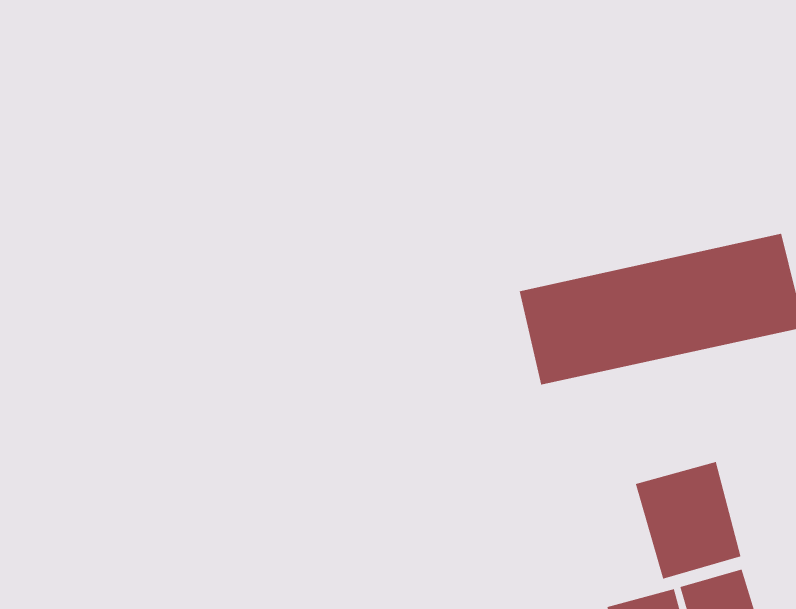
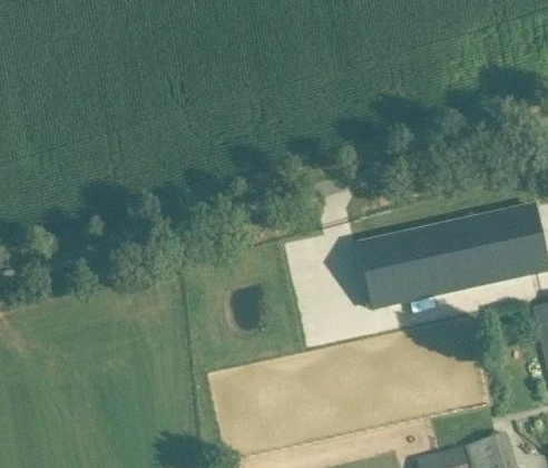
building: [635,461,741,580] -> none

